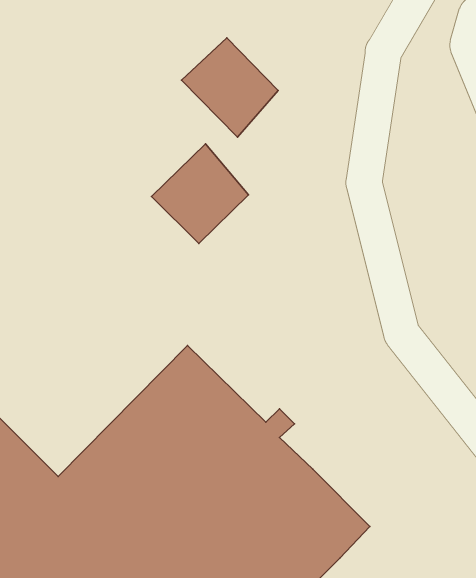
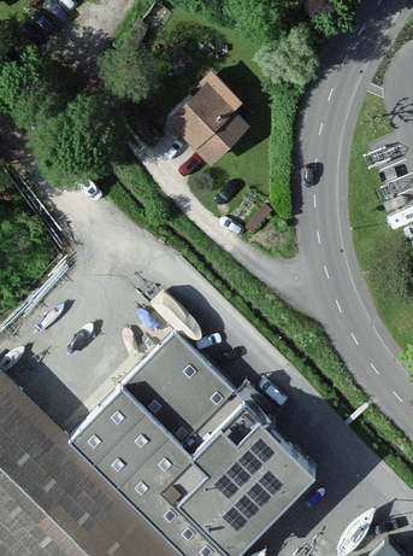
building: [151,144,249,244] -> none

